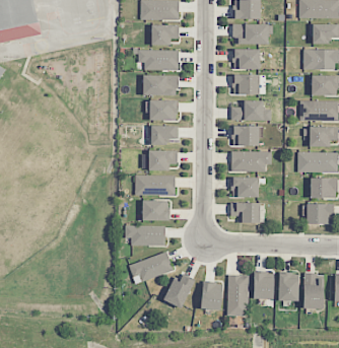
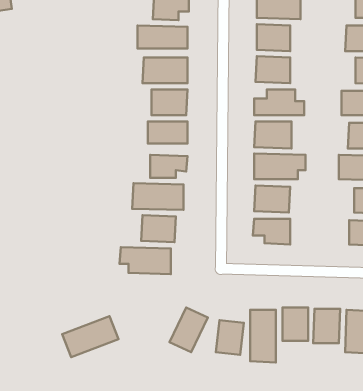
building: [129,252,174,284] -> [62,316,119,357]

